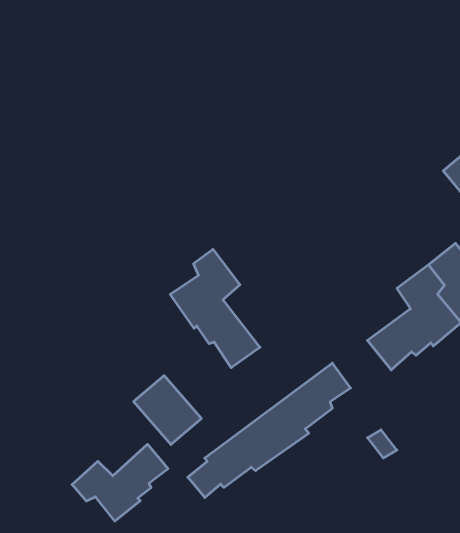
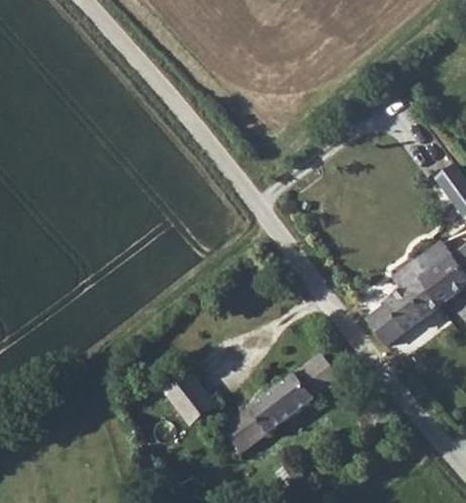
building: [170,249,260,368] -> none
building: [72,444,168,521] -> none

